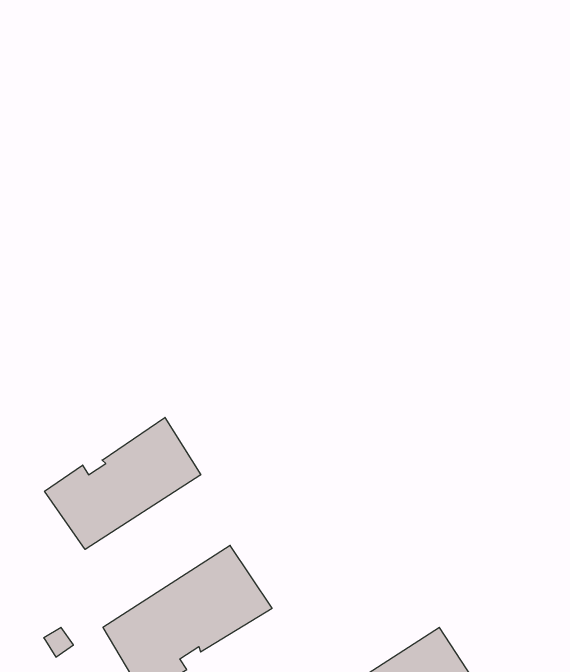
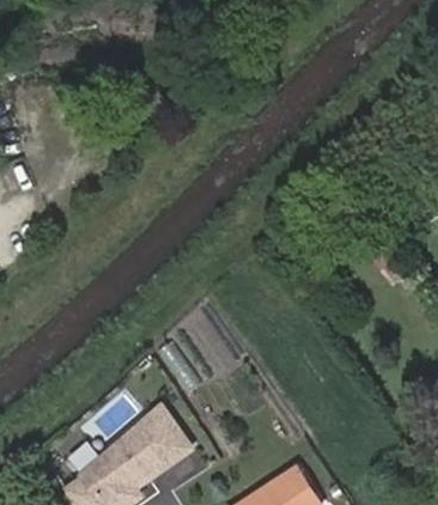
building: [45,417,201,549] -> none

